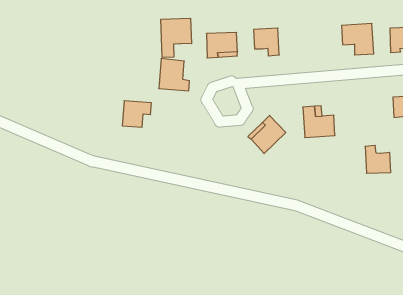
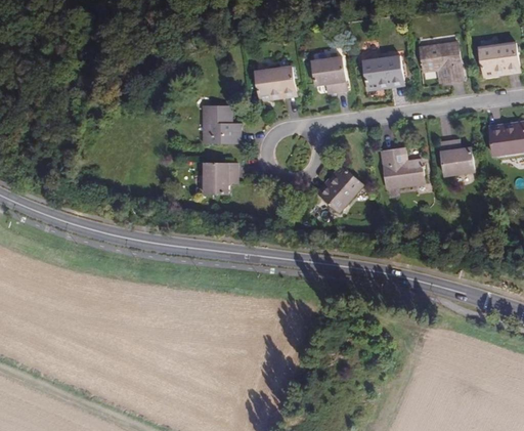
building: [161,18,192,57] -> none
building: none -> [364,55,403,89]
building: [122,101,151,127] -> [204,163,237,193]
building: [365,145,391,173] -> [440,140,474,175]

